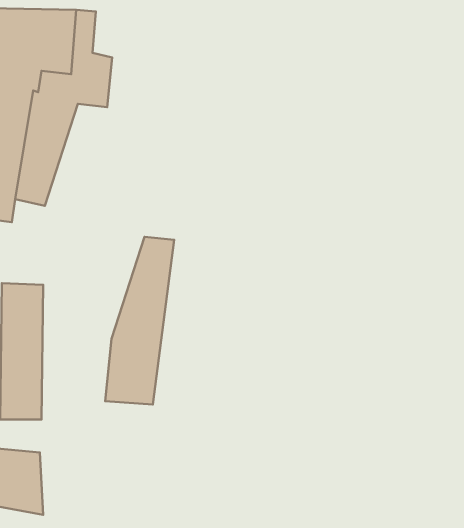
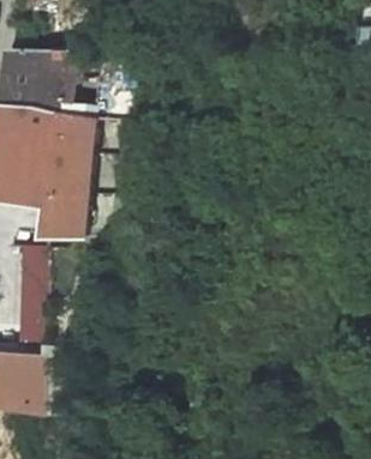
building: [105,237,174,404] -> [42,117,92,240]

